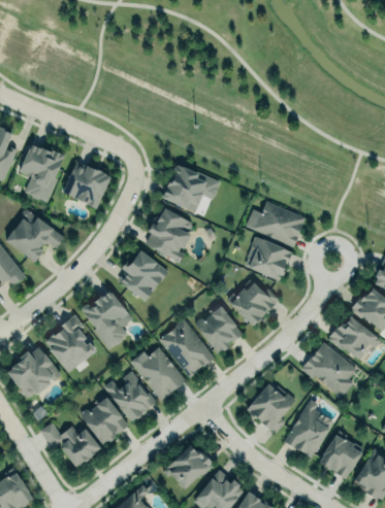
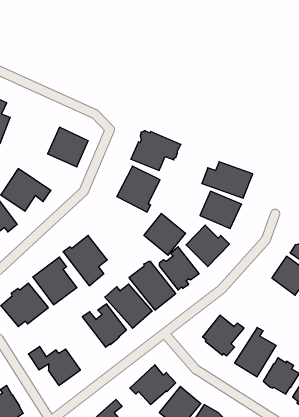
building: [19,143,64,200] -> none
building: [118,248,167,298] -> [144,214,186,255]
building: [303,341,357,398] -> none
building: [81,395,127,445] -> none

